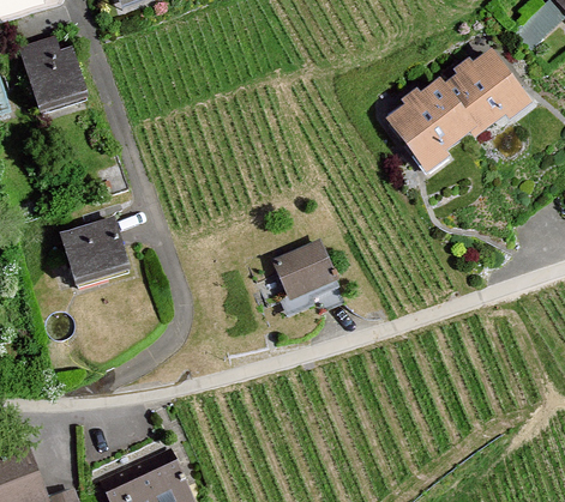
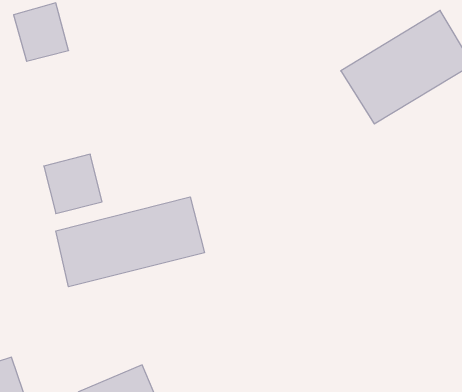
building: [272,242,333,306] -> none
building: none -> [56,197,204,287]

